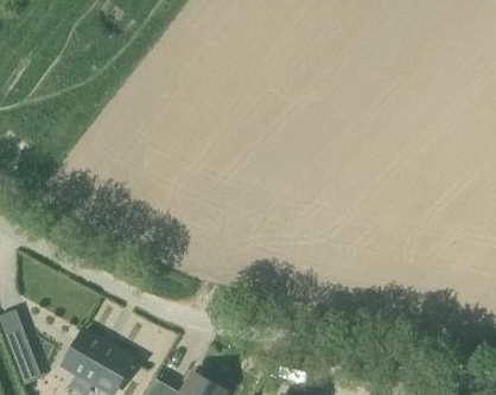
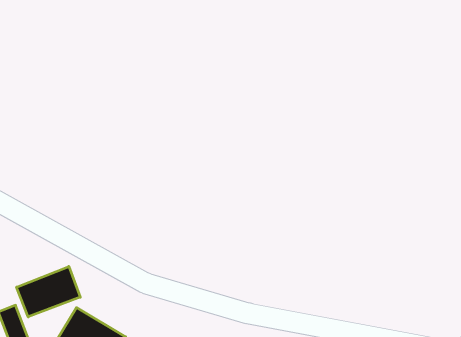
building: none -> [17,266,80,317]

